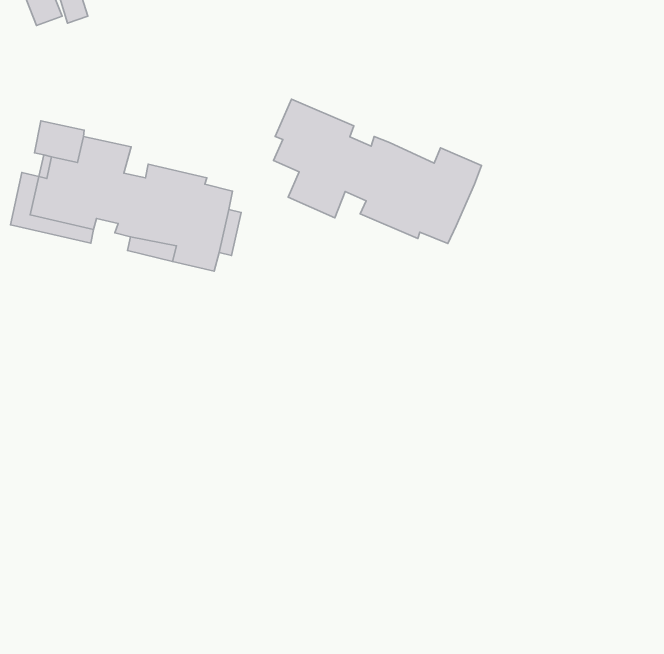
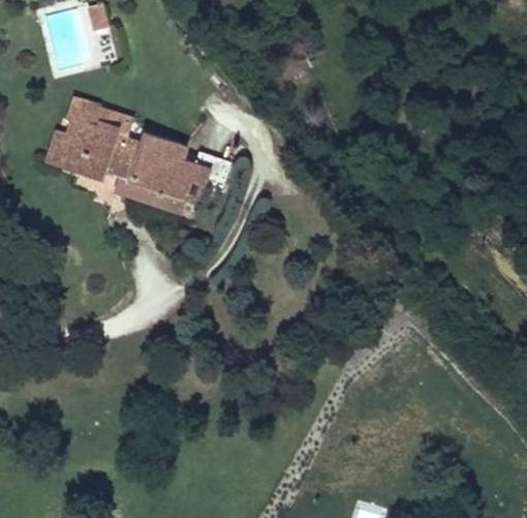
building: [274,99,482,243] -> none

